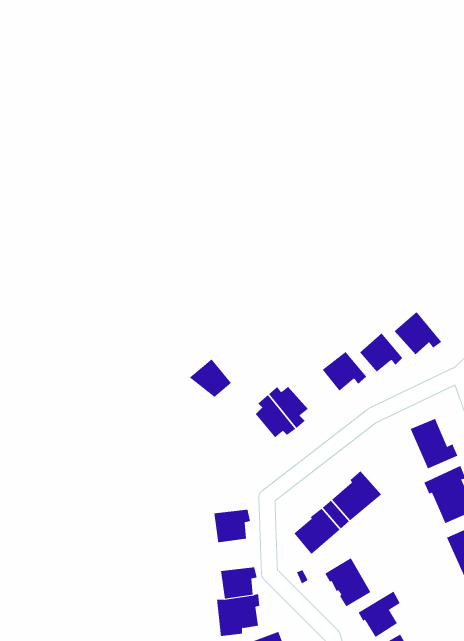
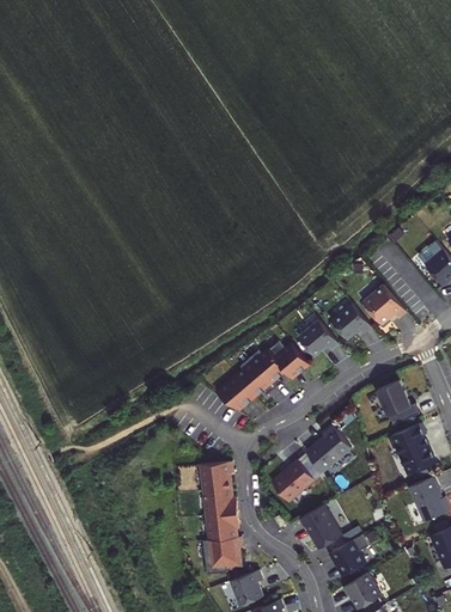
building: [189,359,232,397] -> [218,377,256,411]
building: none -> [268,342,309,379]
building: none -> [205,488,238,516]

